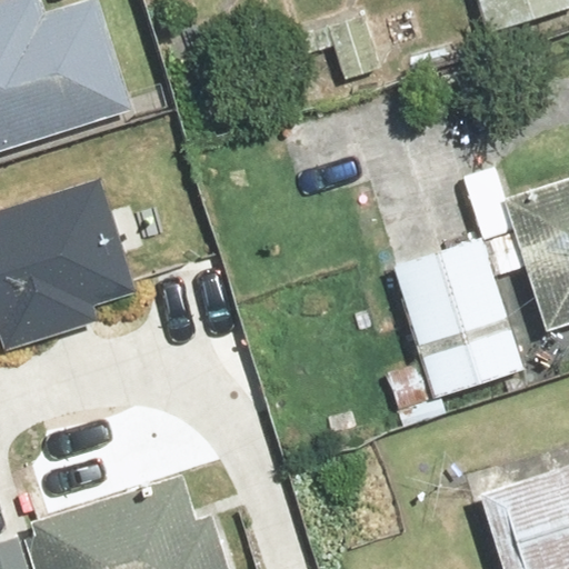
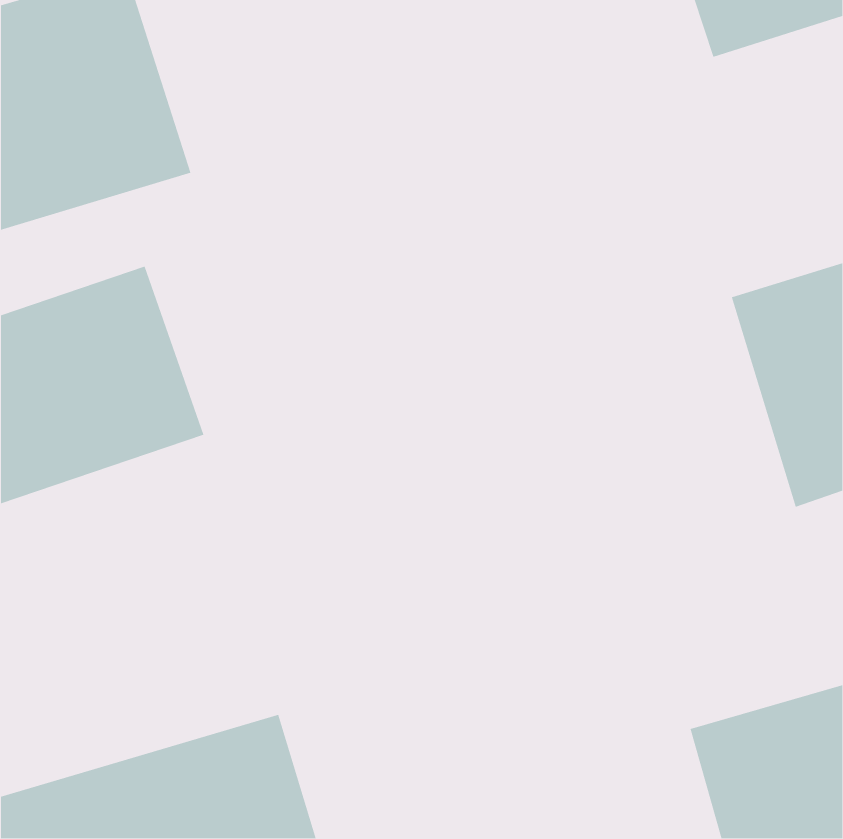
building: [385,233,529,400] -> none

